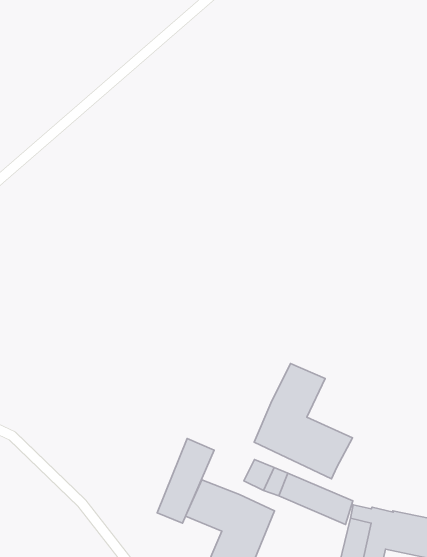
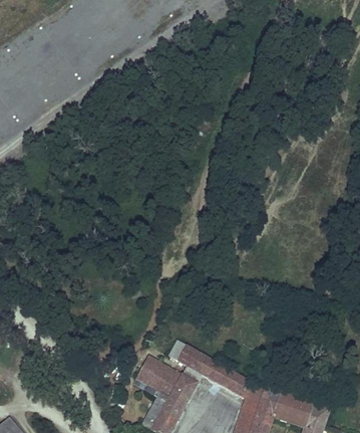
building: [254,363,352,479] -> none
building: [157,438,214,523] -> none

